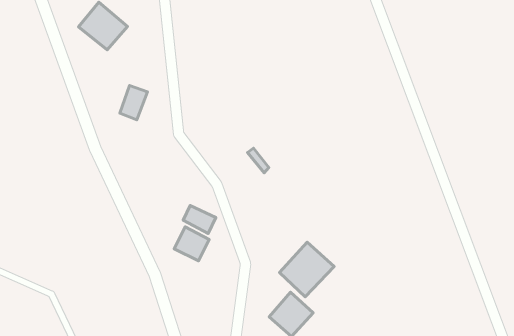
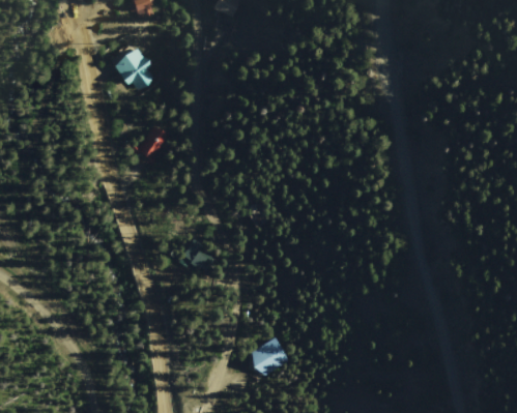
building: [174,227,209,261] -> none
building: [280,242,334,297] -> none

